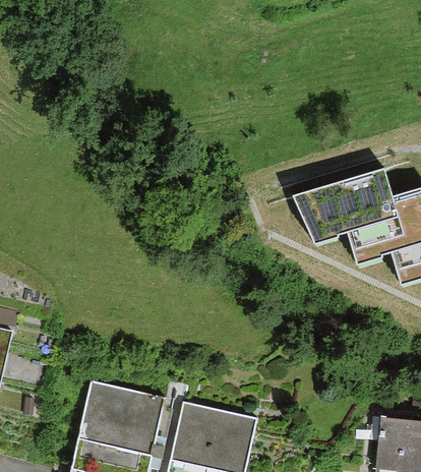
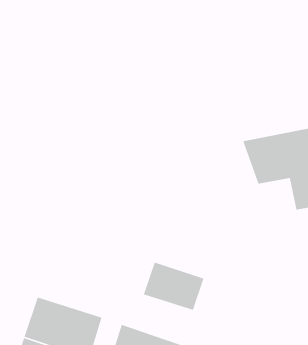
building: none -> [143,262,205,311]

